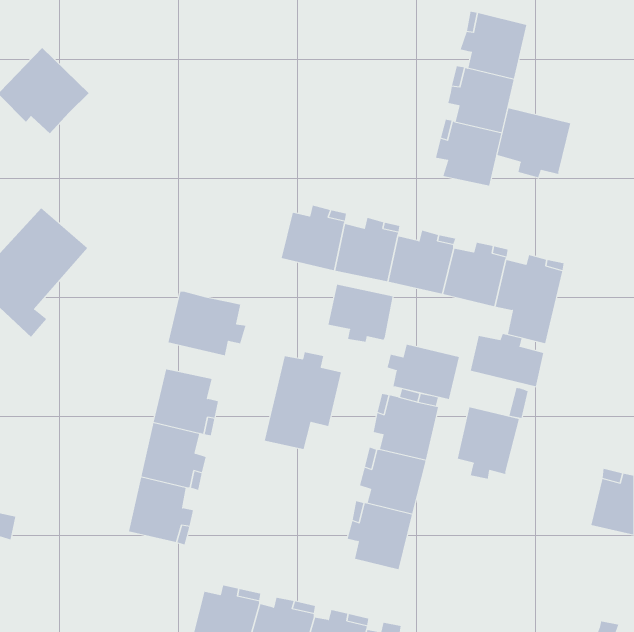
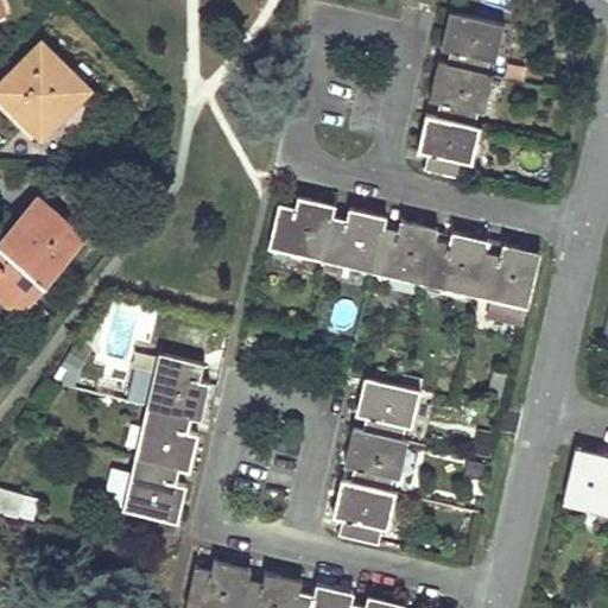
building: [497,108,571,178] -> none
building: [328,284,393,342] -> none
building: [168,291,246,356] -> none
building: [470,333,544,387] -> none
building: [387,344,460,400] -> none
building: [264,352,342,450] -> none
building: [457,407,519,479] -> none

